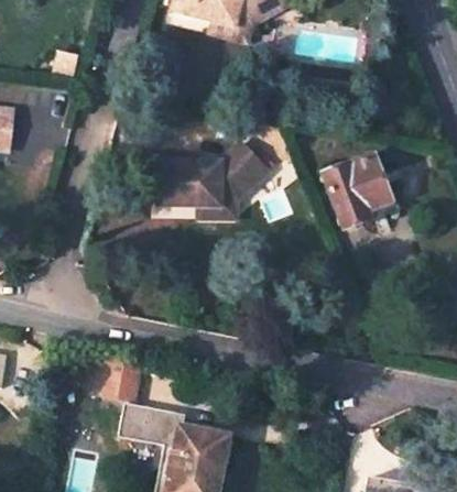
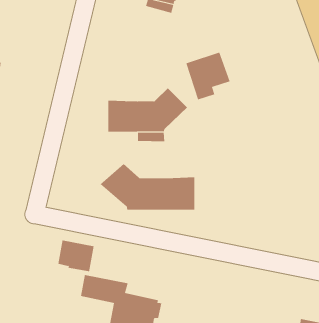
building: [324,155,385,221] -> [185,52,230,100]
building: none -> [100,163,195,210]

